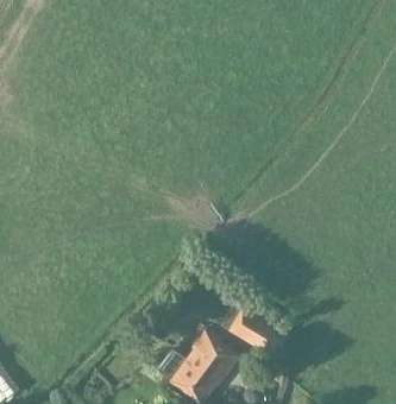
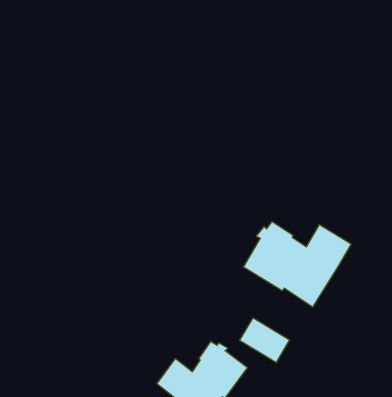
building: none -> [243,222,351,307]

